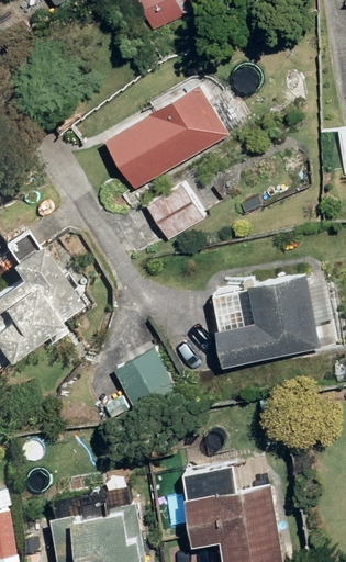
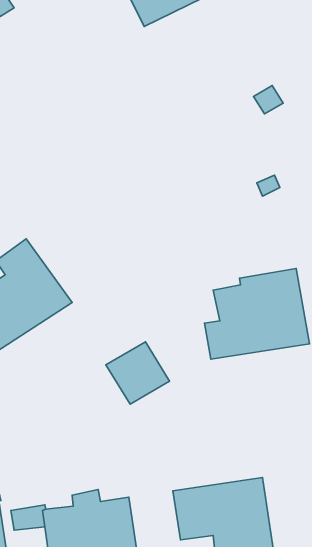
building: [103,85,230,191] -> none
building: [148,184,204,240] -> none

